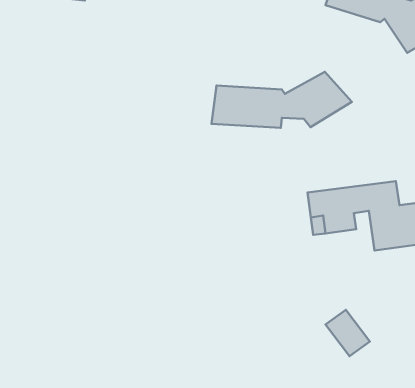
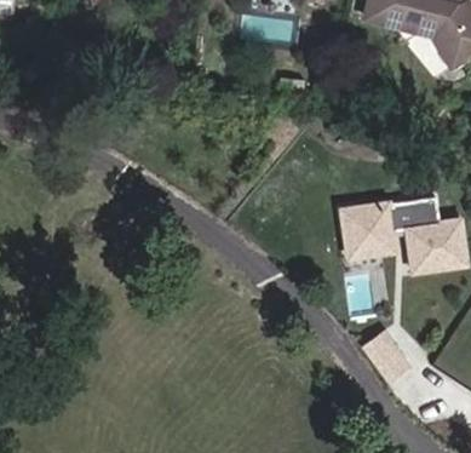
building: [211,72,352,128] -> none

